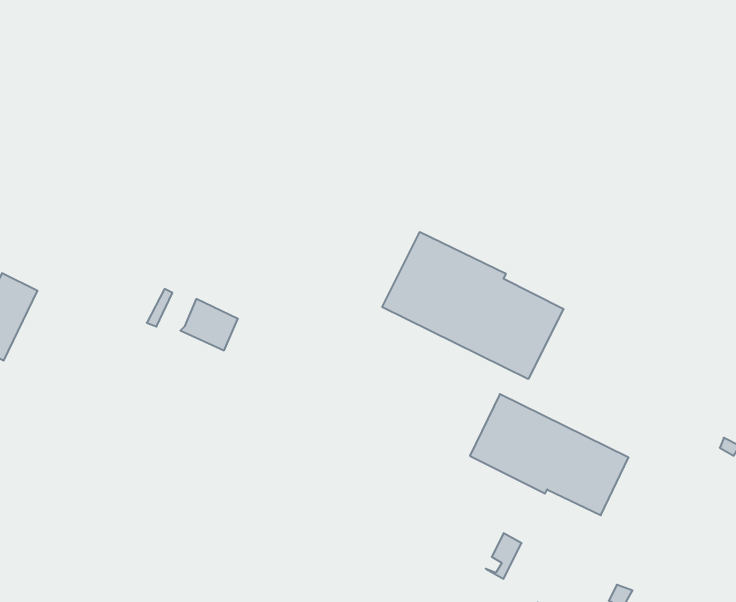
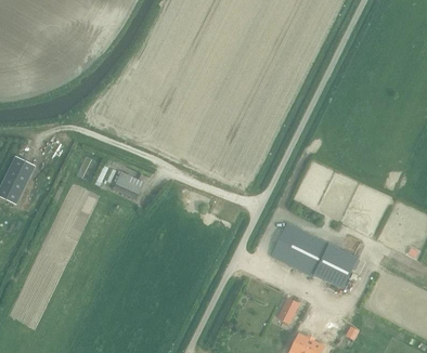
building: [382,232,563,379] -> none

